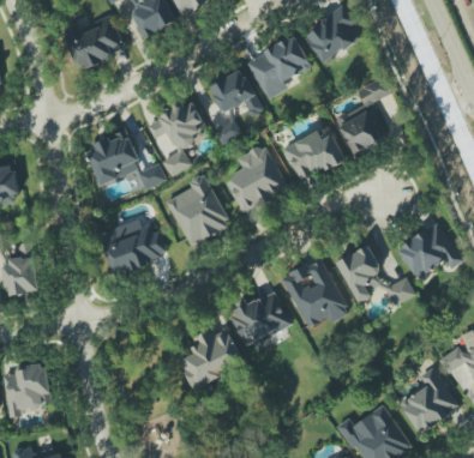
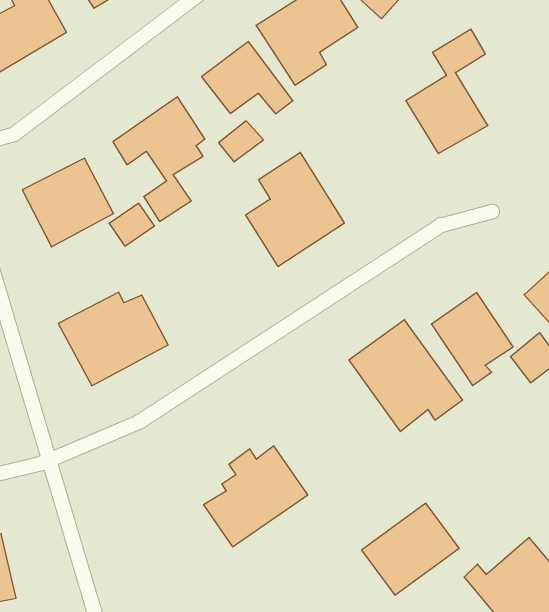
building: [282,131,346,182] -> none
building: [166,171,232,247] -> none
building: [228,289,290,345] -> [362,503,459,595]

